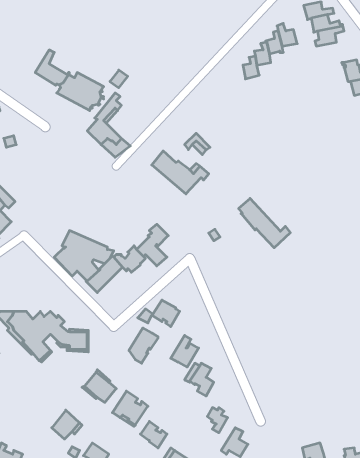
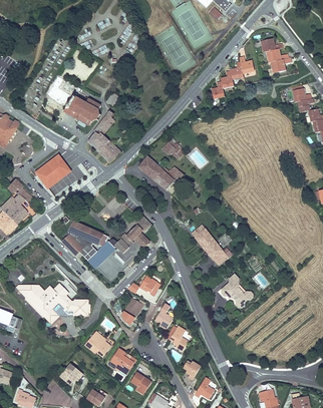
building: none -> [36,155,69,187]
building: [239,198,290,248] -> [192,225,233,264]
building: none -> [221,274,252,308]

